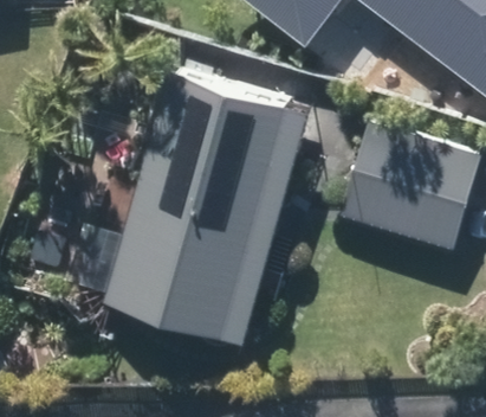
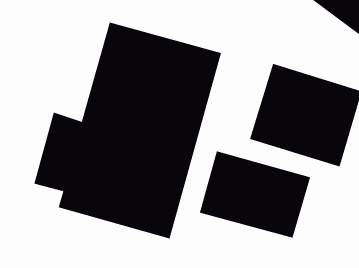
building: none -> [199,151,311,239]

